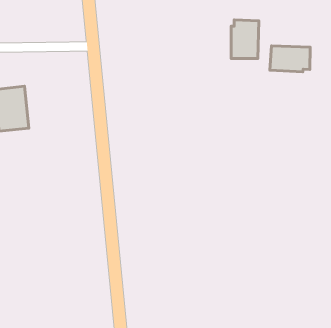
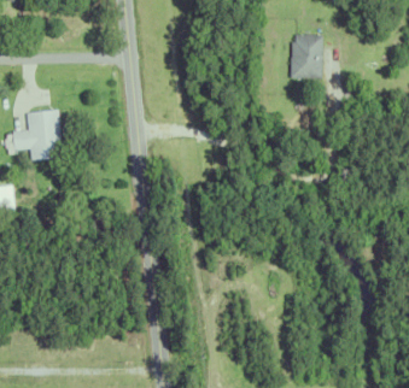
building: [270,46,310,72] -> none

